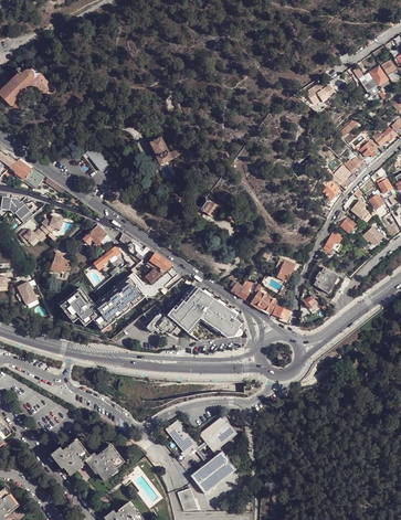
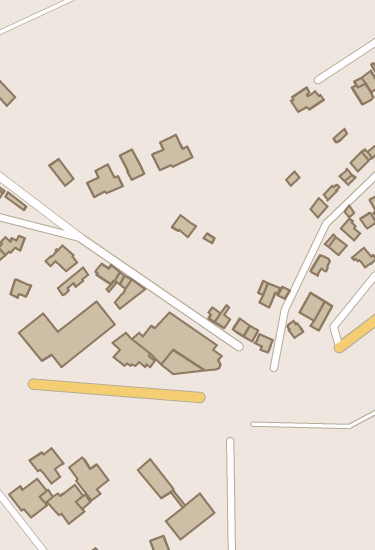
building: none -> [152,135,192,170]
building: none -> [87,165,123,197]
building: none -> [30,448,63,484]
building: [199,415,236,452] -> none
building: none -> [69,457,109,501]

